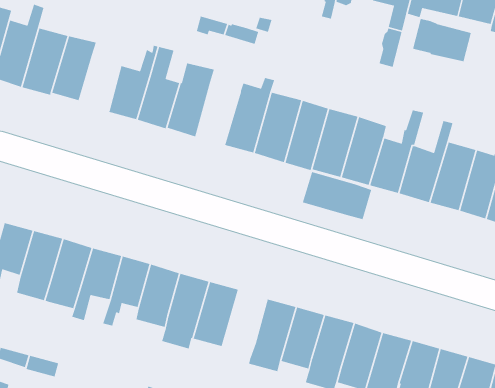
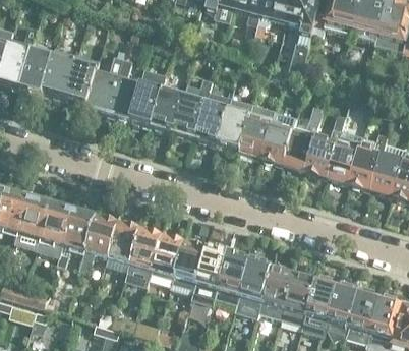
building: [412,18,472,62] -> none
building: none -> [61,54,97,106]
building: none -> [150,84,183,132]
building: [302,171,372,220] -> none
building: none -> [169,241,203,293]

